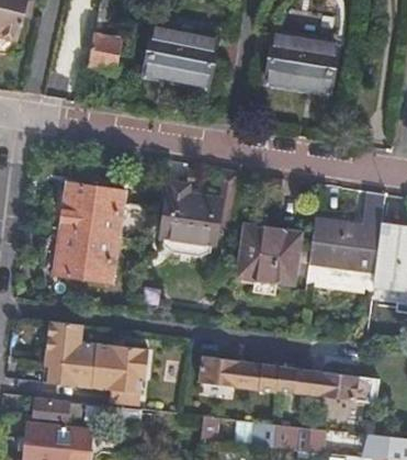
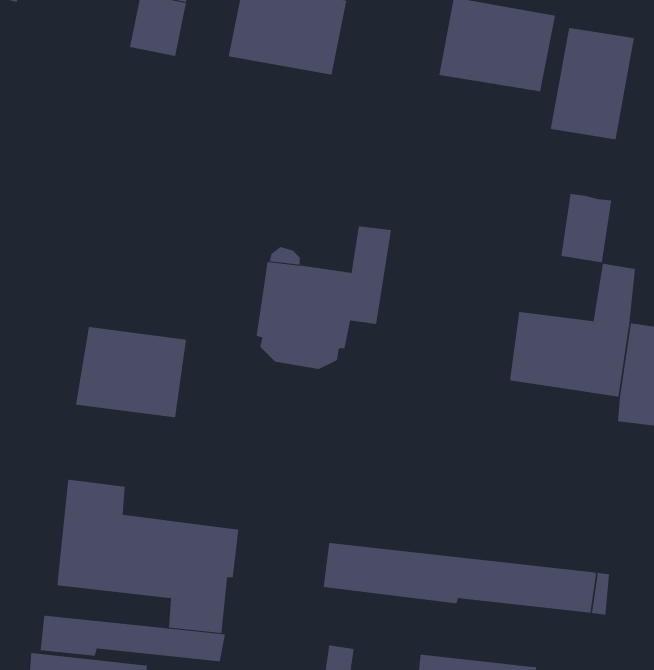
building: none -> [550,27,635,140]
building: none -> [561,193,612,263]
building: [61,184,151,240] -> none
building: [238,226,298,282] -> none

